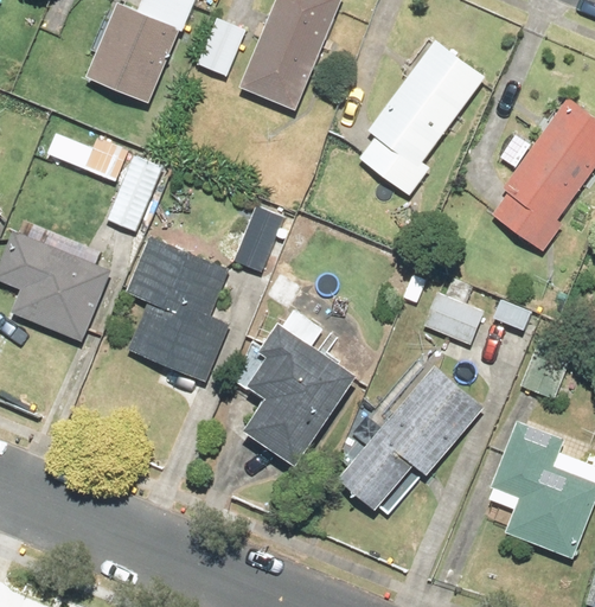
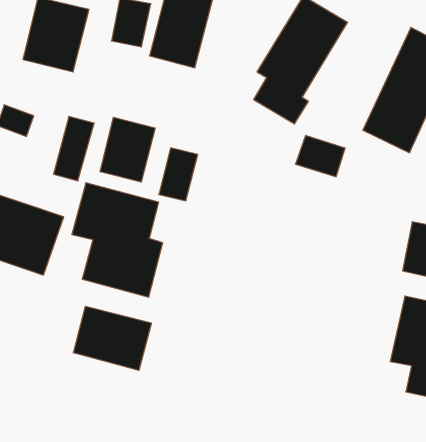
building: none -> [100,117,155,182]
building: [421,289,484,344] -> [295,136,345,177]
building: [237,300,357,462] -> none
building: [340,370,482,511] -> none
building: none -> [73,306,151,370]

